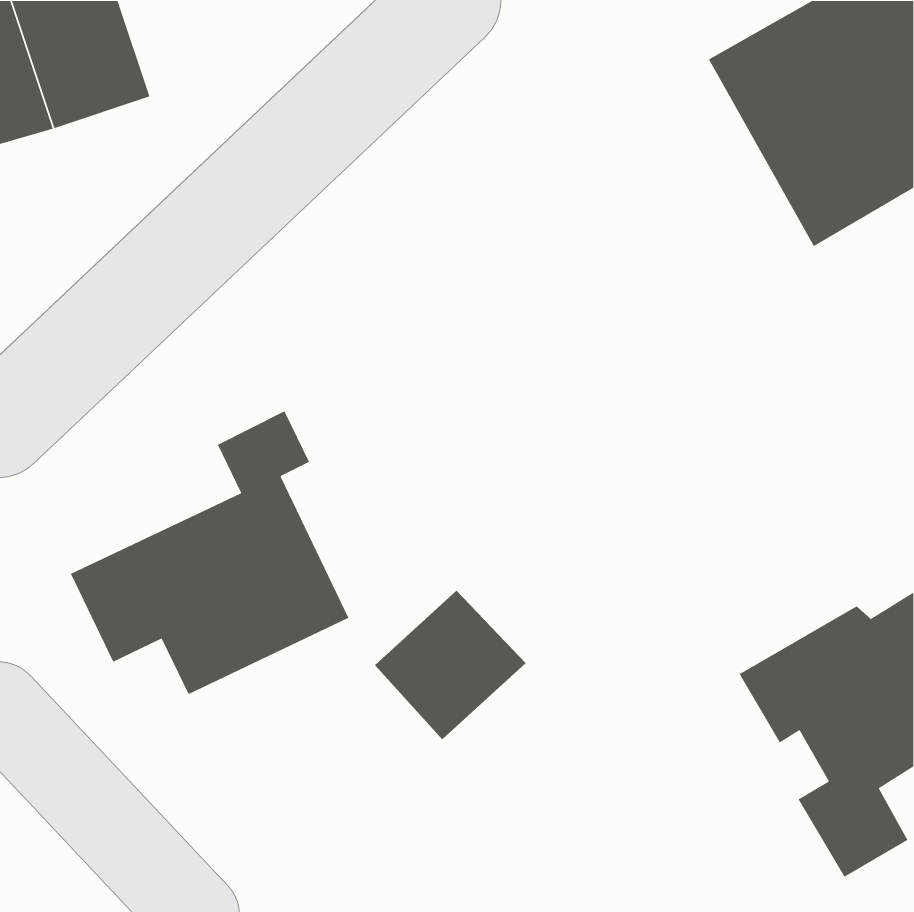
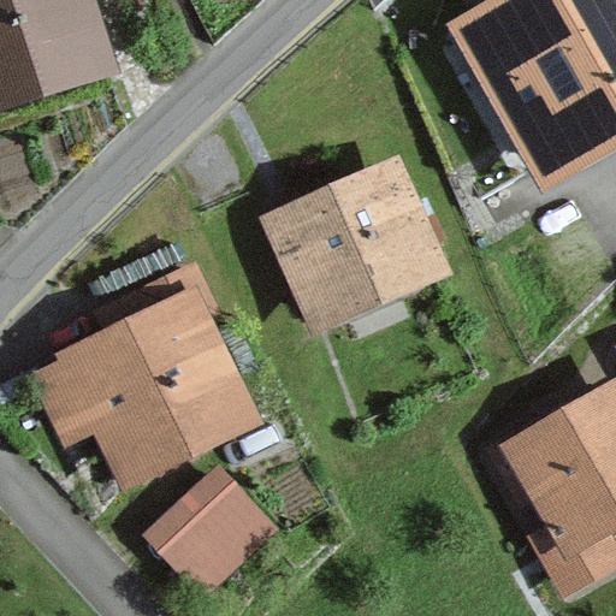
building: none -> [298,184,431,308]
building: [374,590,526,740] -> [155,484,257,585]

